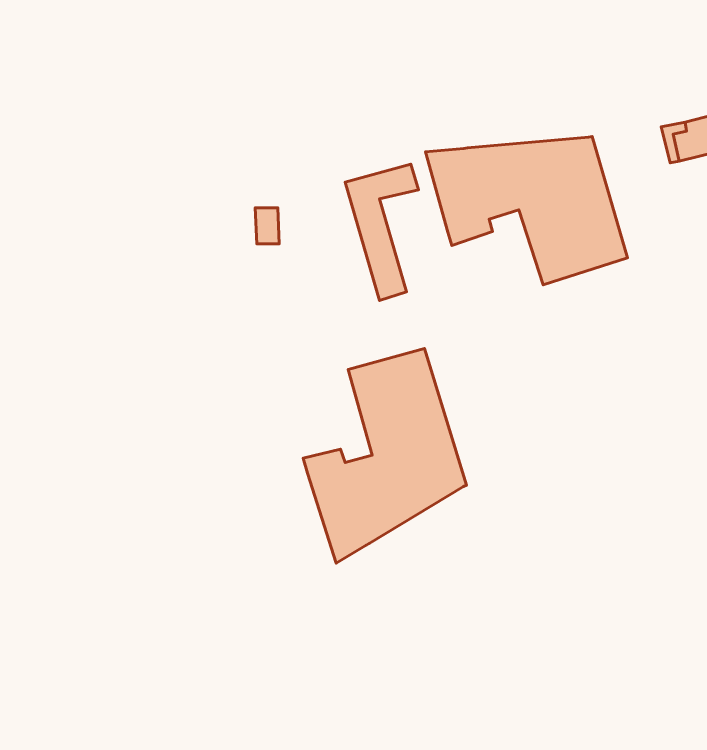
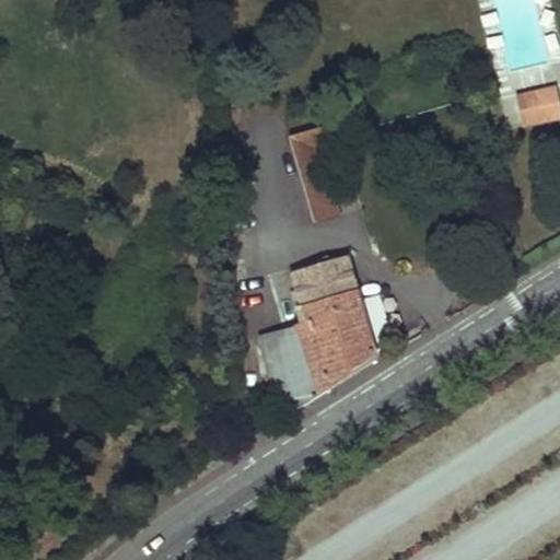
building: [425,137,627,285] -> none

